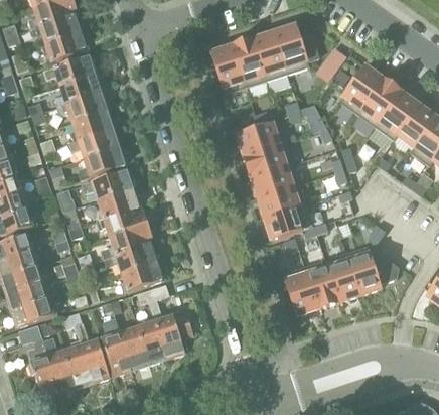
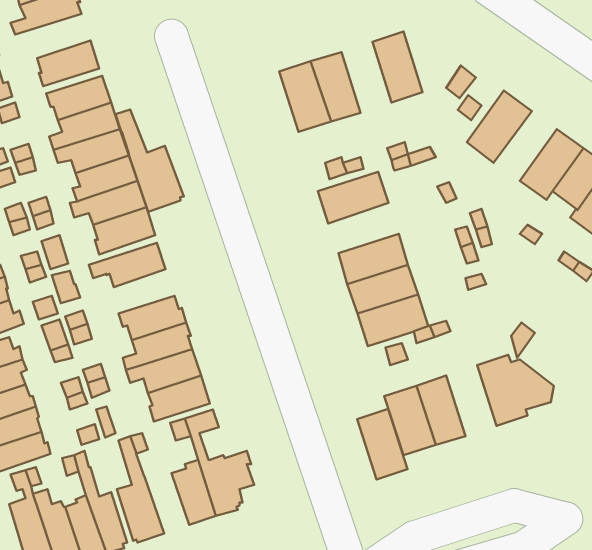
building: [31,13,83,43] -> none
building: [254,32,288,81] -> none
building: none -> [116,110,184,212]
building: [357,80,401,127] -> none
building: [245,142,293,176] -> none
building: [99,187,140,218] -> none
building: [325,253,359,301] -> [357,409,407,480]
building: [119,325,150,368] -> none

